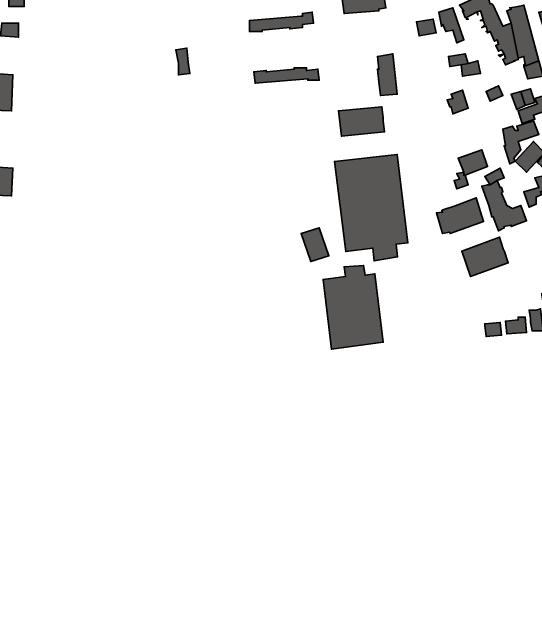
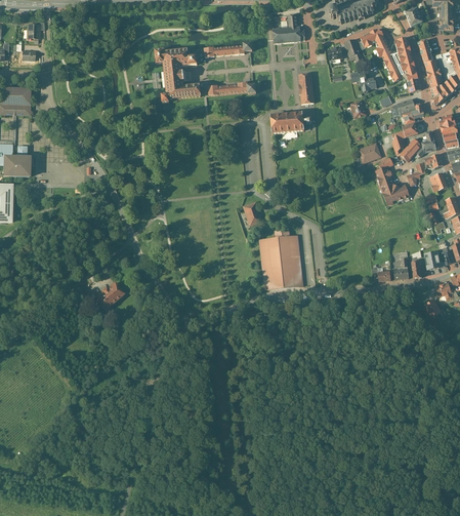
building: none -> [154,49,200,102]
building: [335,155,408,261] -> none
building: [437,198,483,234] -> none
building: [462,237,508,276] -> none
building: none -> [95,280,123,308]

